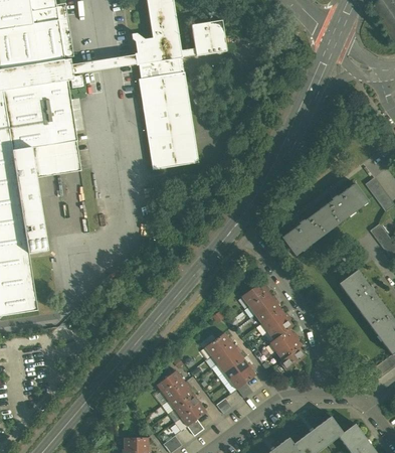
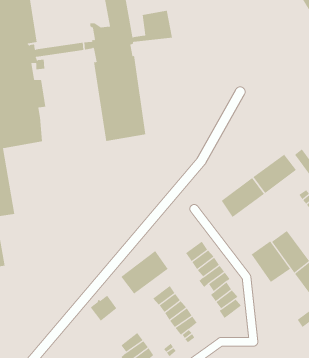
building: none -> [251,240,291,283]
building: none -> [120,250,169,295]
building: [156,370,187,401] -> [90,295,117,322]

